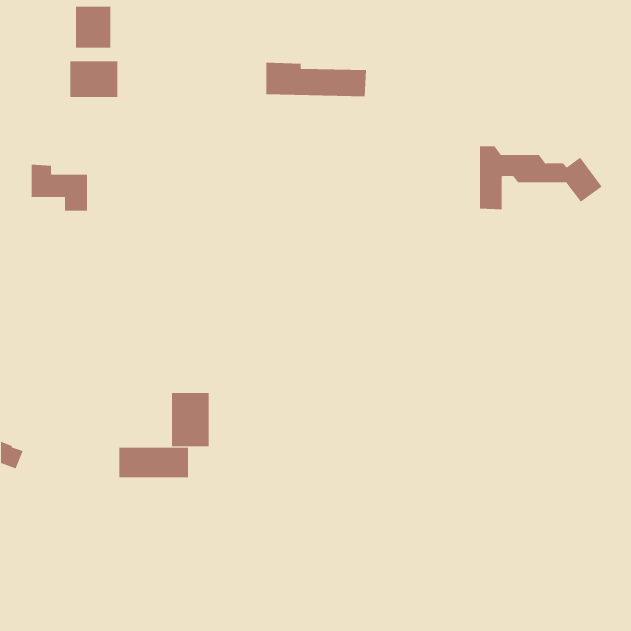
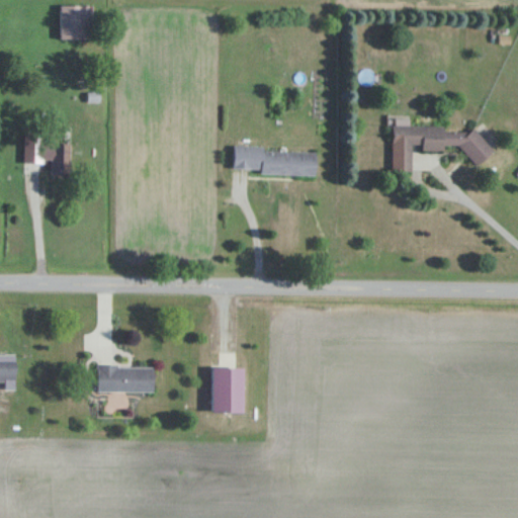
building: [70,60,118,98] -> none
building: [266,62,367,97] -> [235,146,318,174]
building: [171,393,210,447] -> [213,368,245,413]

